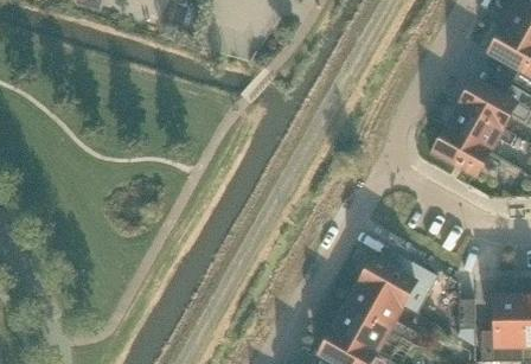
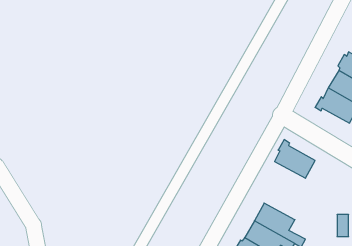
building: [360,251,415,304] -> [275,140,315,178]

